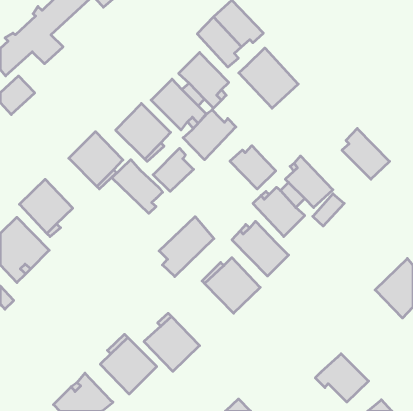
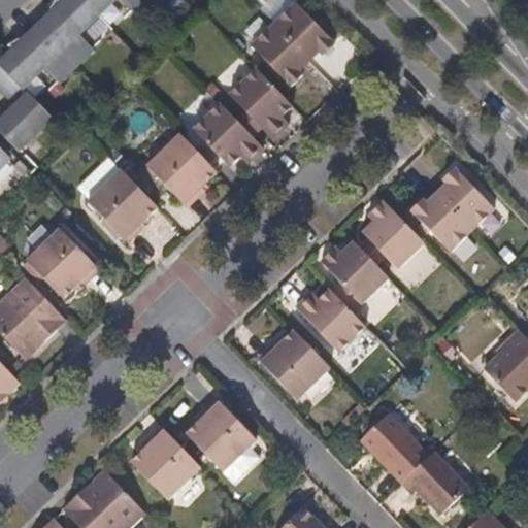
building: [239,48,298,108] -> none
building: [183,110,236,160] -> none
building: [230,146,276,189] -> none
building: [153,148,194,191] -> none
building: none -> [410,192,473,251]
building: [112,160,163,213] -> none
building: [159,217,214,277] -> none
building: none -> [361,412,431,483]

